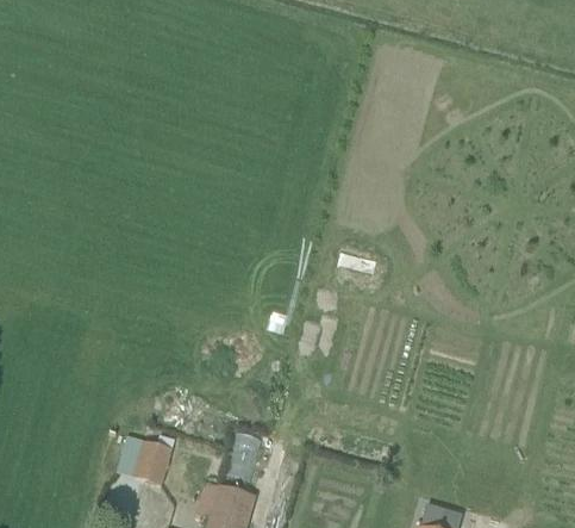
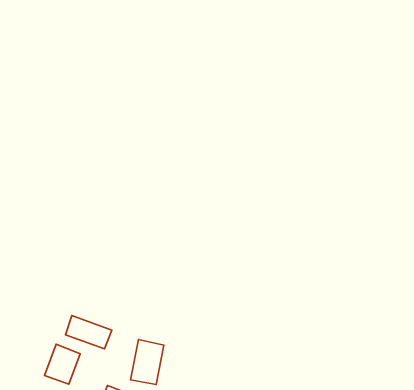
building: none -> [65,315,112,349]

